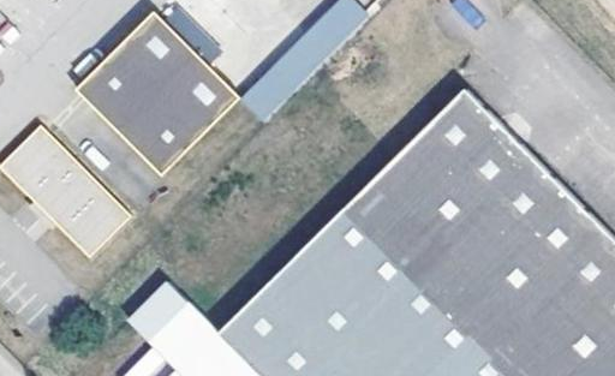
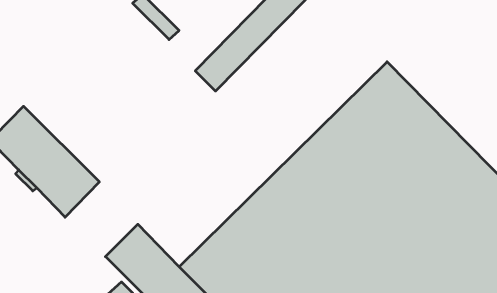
building: [71,24,235,190] -> none

